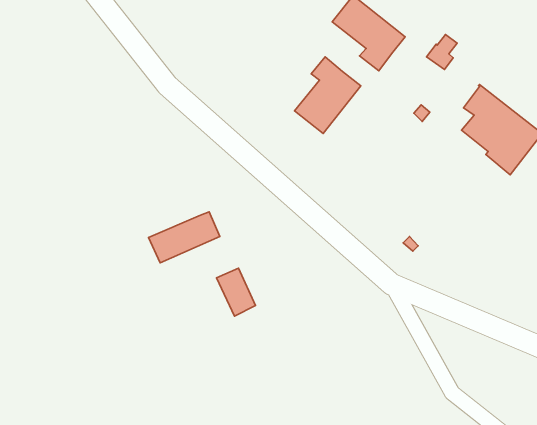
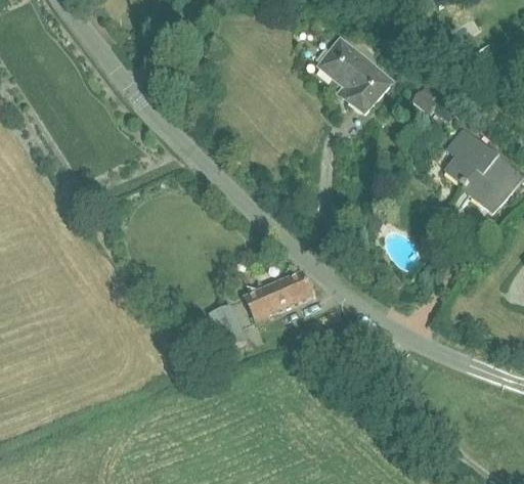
building: [295,57,361,133] -> none
building: [149,212,220,263] -> [245,271,313,320]

